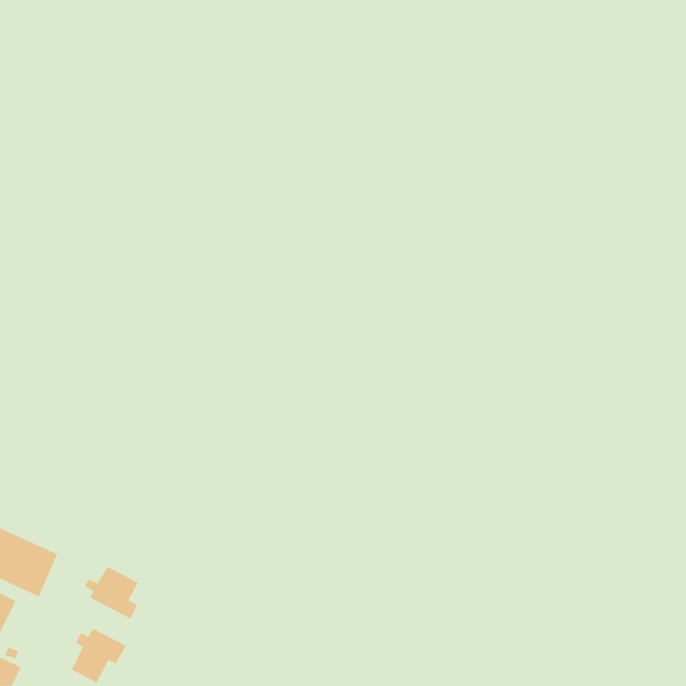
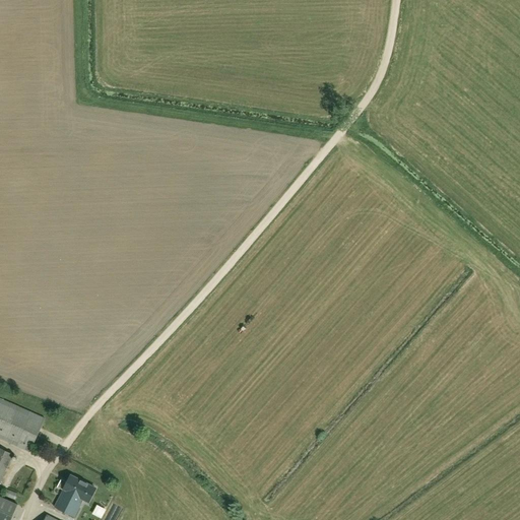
building: [84,566,138,620] -> none

